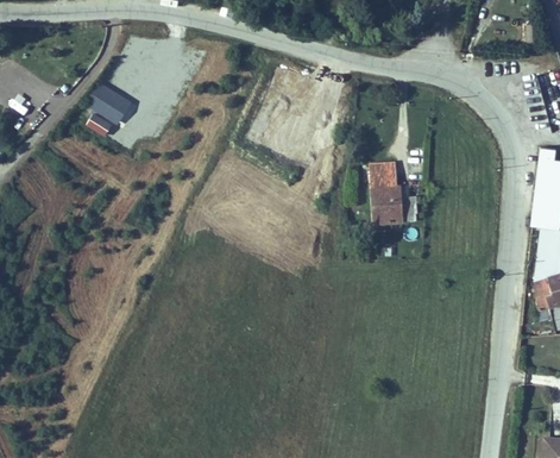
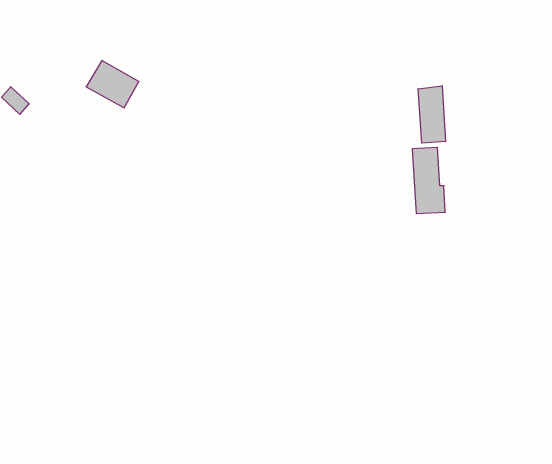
building: none -> [418,86,446,143]

